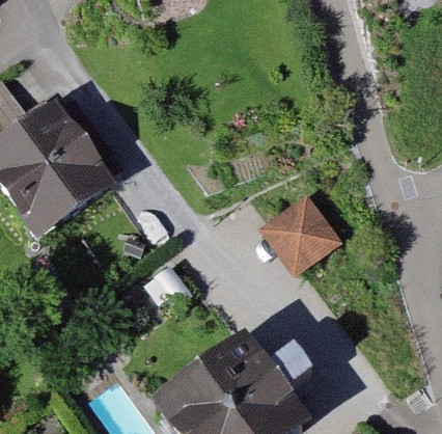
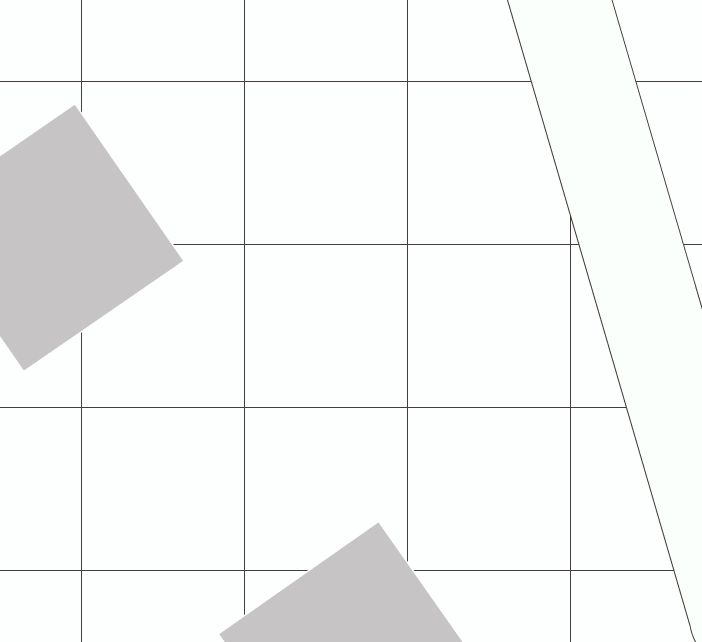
building: [255,189,336,270] -> none

